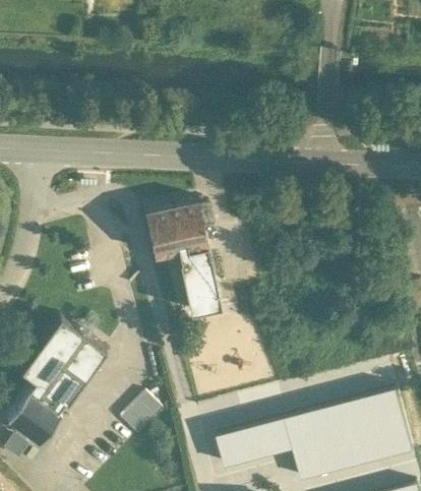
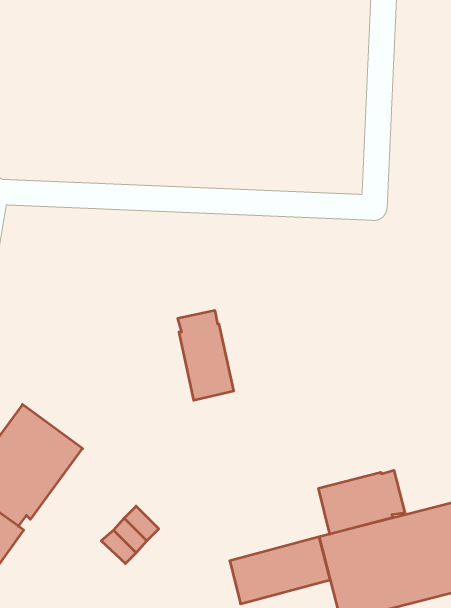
building: [143,200,206,257] -> none
building: none -> [319,470,405,534]

